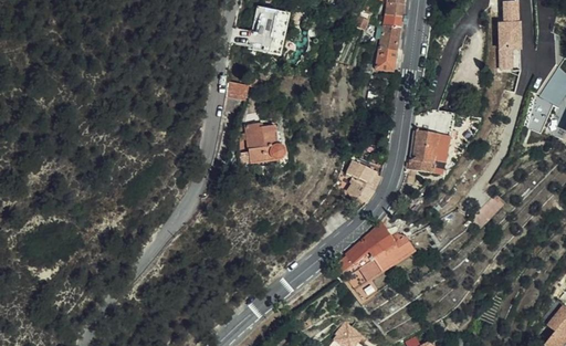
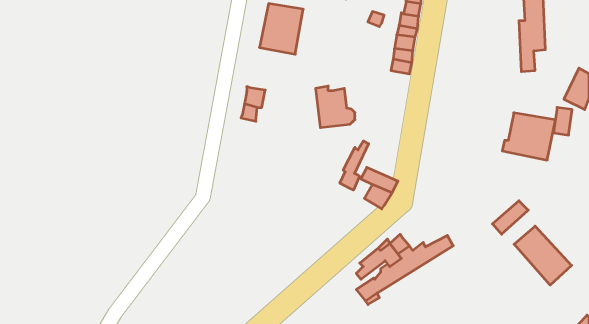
building: [245,123,283,162] -> [316,86,355,128]
building: [407,132,458,177] -> [502,113,555,160]
building: none -> [340,141,369,190]
building: none -> [514,226,572,285]

